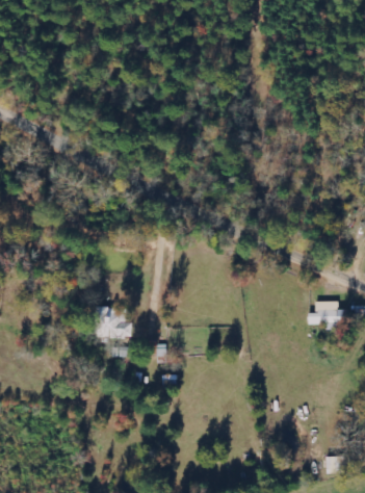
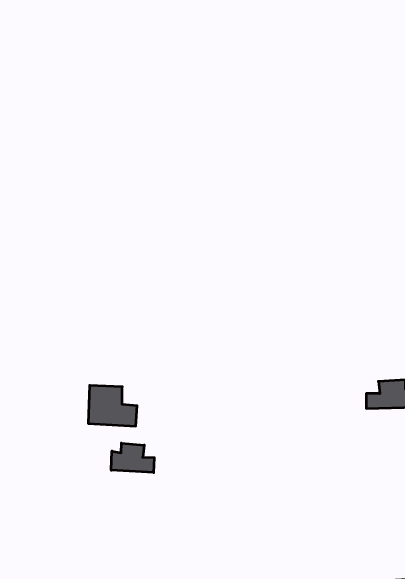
building: none -> [111,443,154,473]

